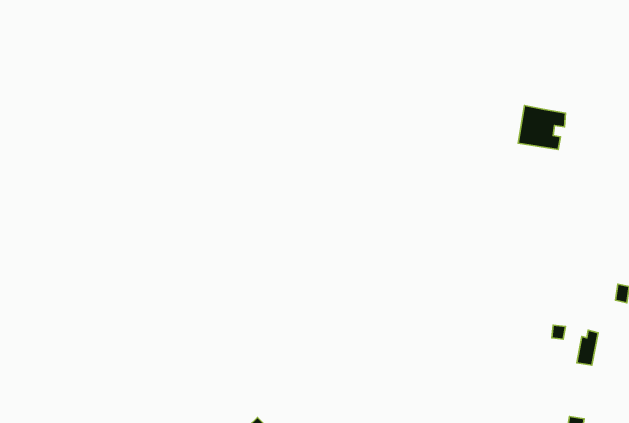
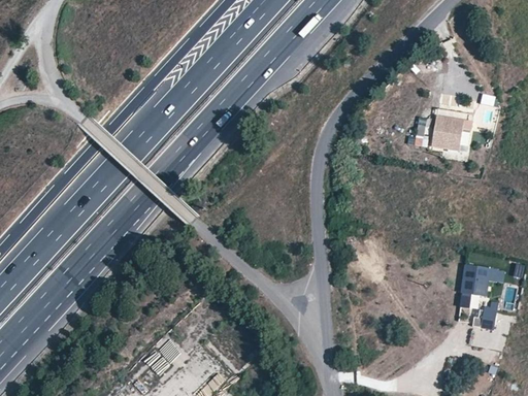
building: none -> [461,265,504,295]

